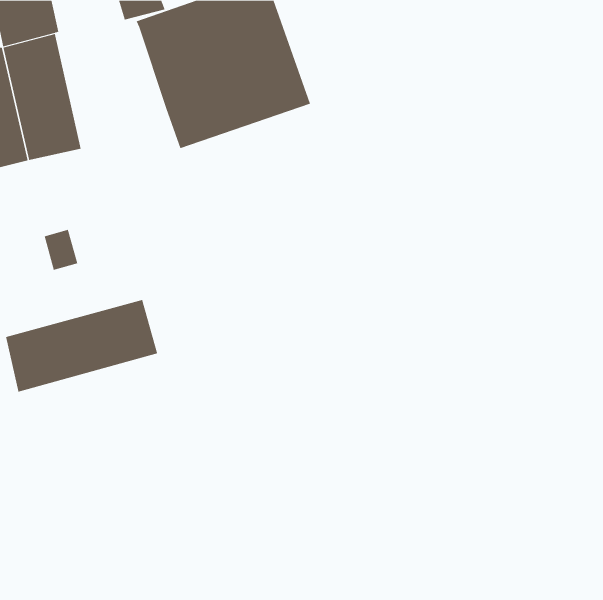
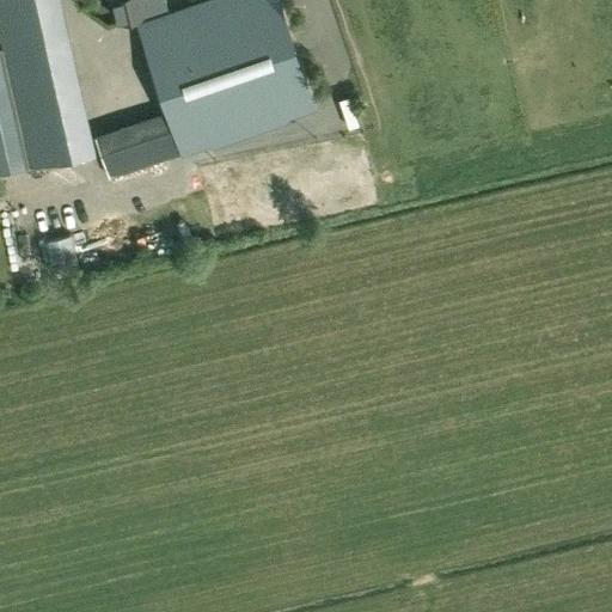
building: none -> [93,114,182,179]
building: [5,299,158,392] -> none

